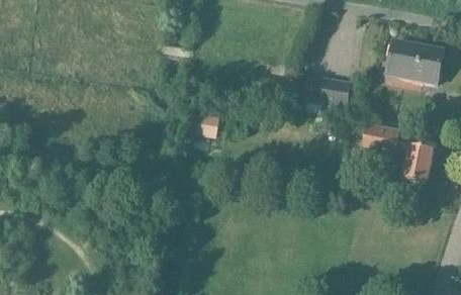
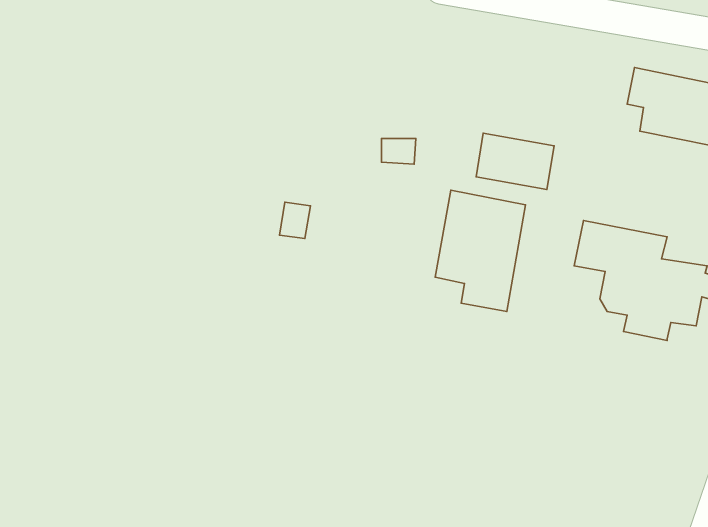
building: none -> [435,190,526,311]

